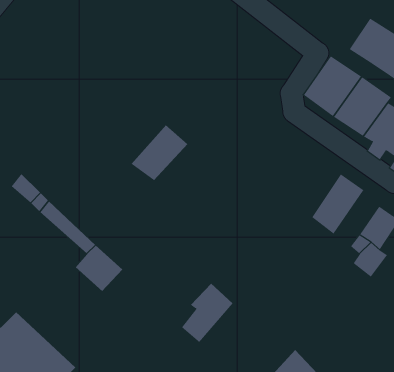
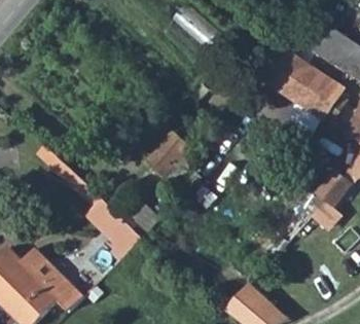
building: [131,125,188,181] -> [141,137,186,181]
building: [311,173,364,235] -> none
building: [181,283,233,343] -> [98,218,139,265]

